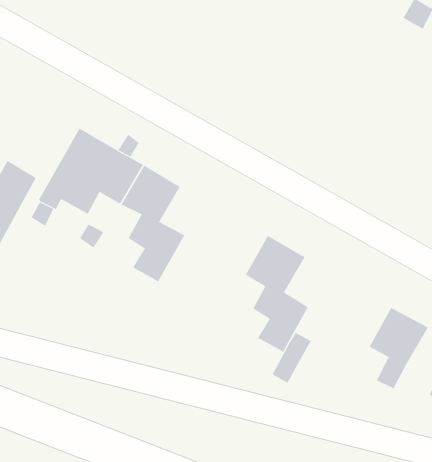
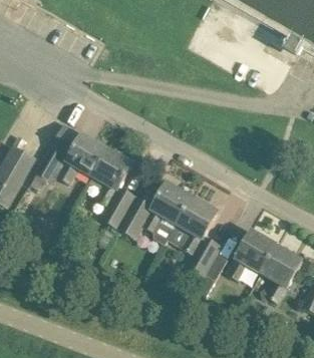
building: none -> [119,183,194,245]
building: none -> [229,231,278,280]

